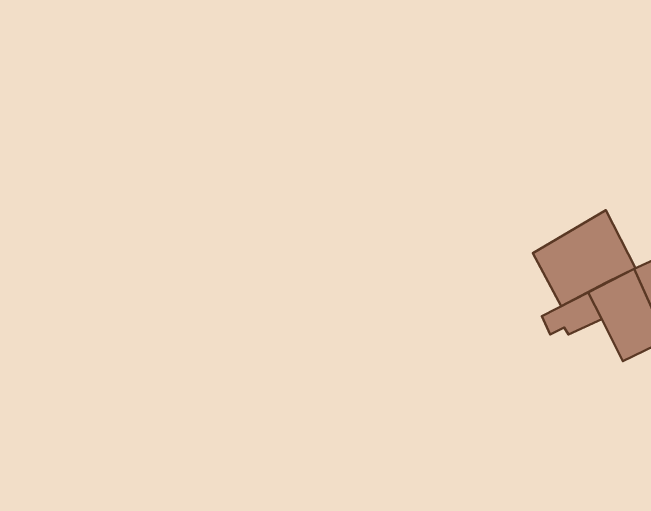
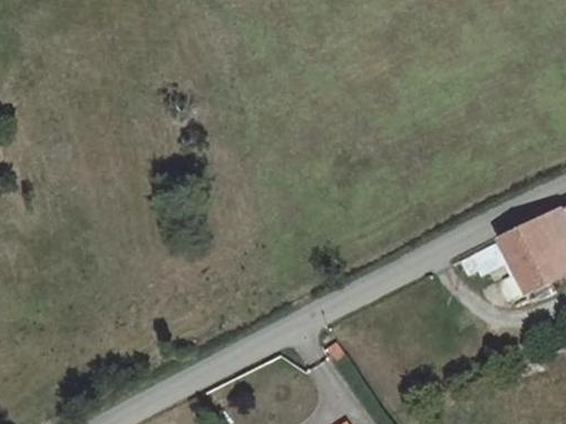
building: [533,210,635,306] -> none

